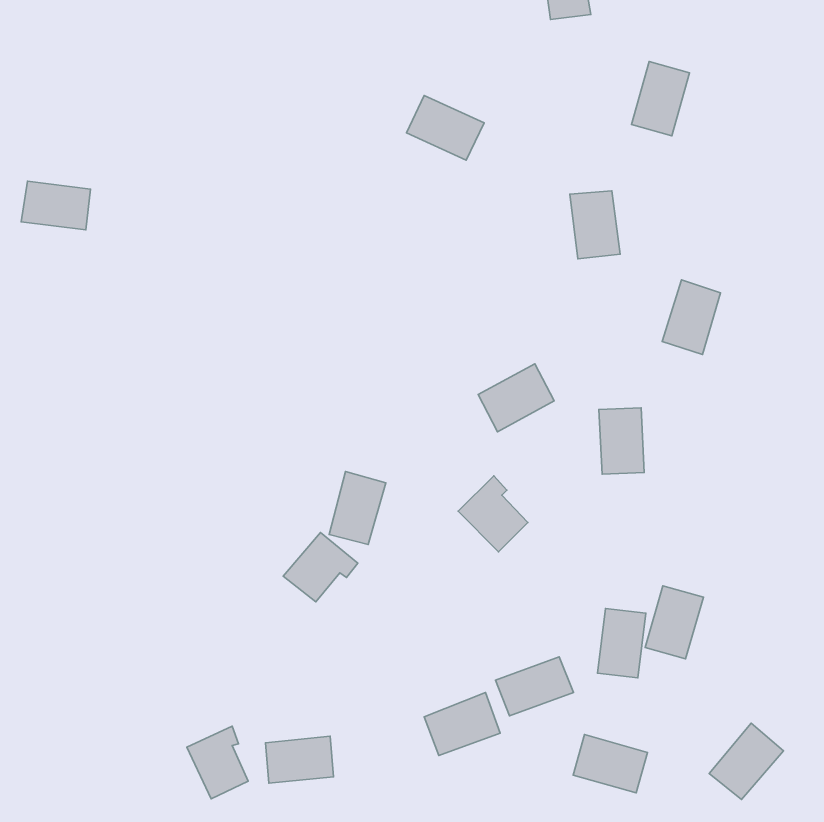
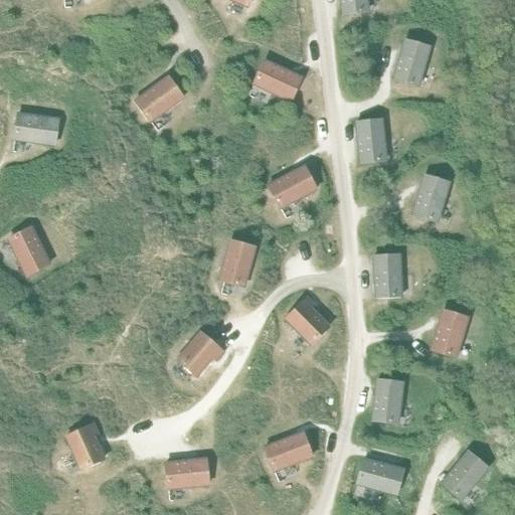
building: none -> [136,75,184,120]
building: [478,364,554,432] -> [270,165,317,207]
building: none -> [10,226,50,274]
building: [329,472,386,544] -> [220,238,255,284]
building: [645,586,703,659] -> [433,310,469,355]
building: [495,657,573,716] -> none
building: [187,726,248,799] -> [66,422,105,468]

